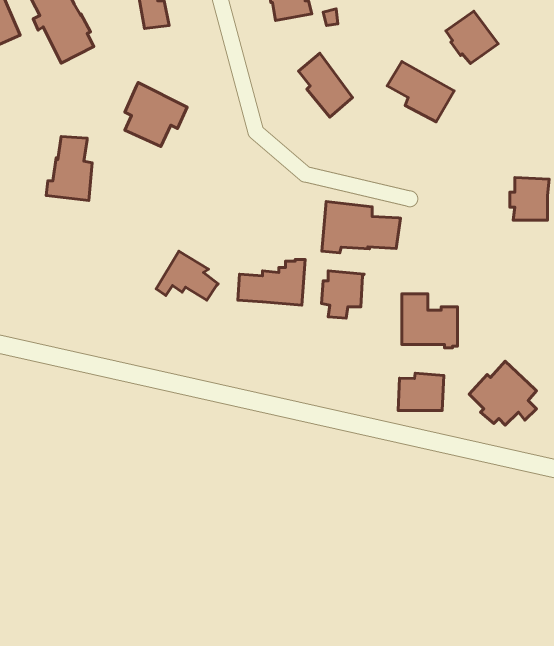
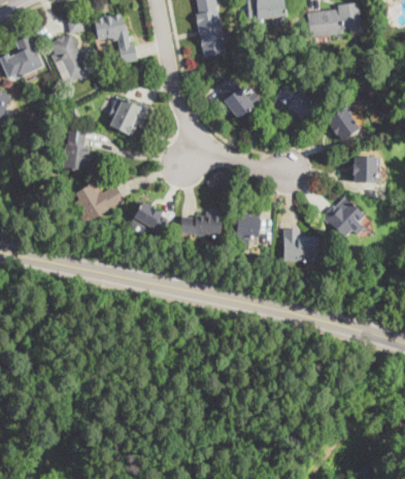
building: [446,11,498,64] -> [327,107,360,140]
building: [322,201,400,253] -> none
building: none -> [74,181,125,227]
building: [469,361,536,425] -> [322,197,364,237]
building: [398,373,444,410] -> none

